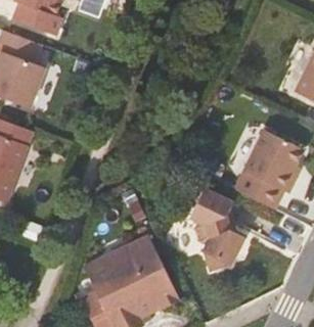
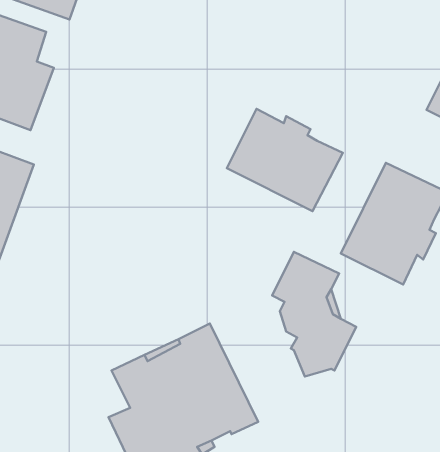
building: none -> [227,109,343,211]

